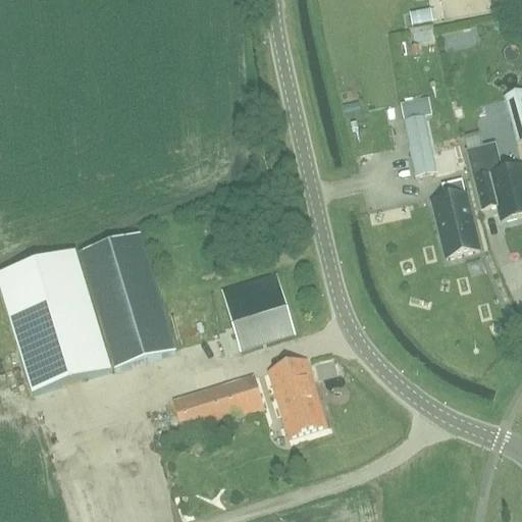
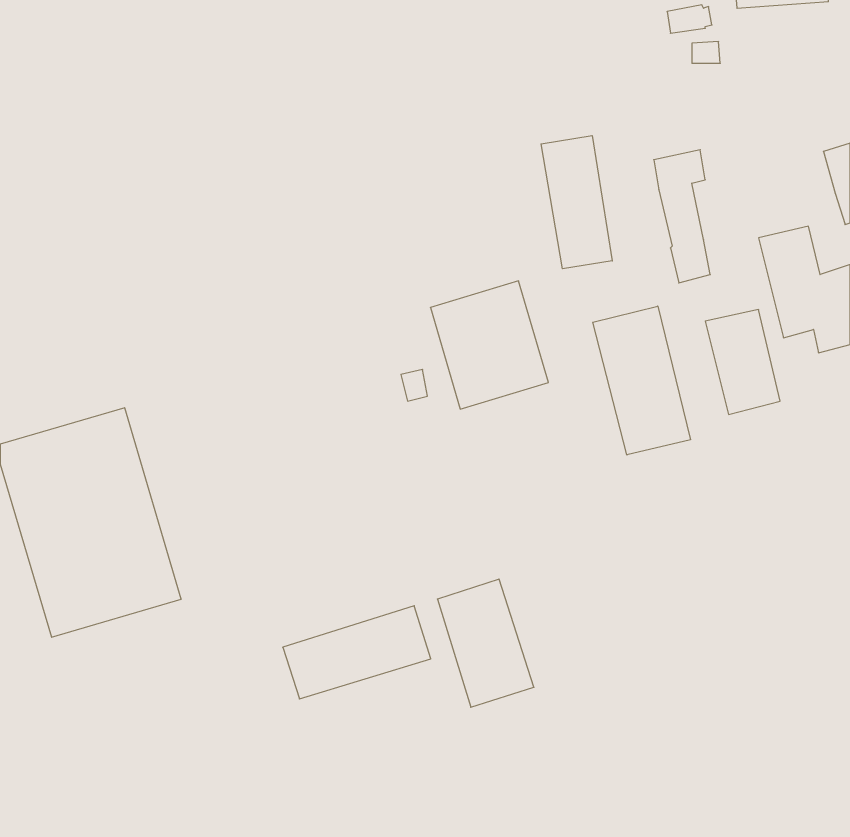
building: none -> [541,136,612,269]
building: none -> [593,306,690,455]
building: [81,230,175,365] -> none
building: [222,269,295,348] -> [430,281,548,409]

